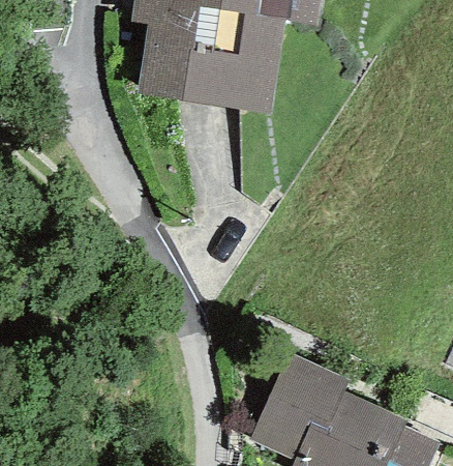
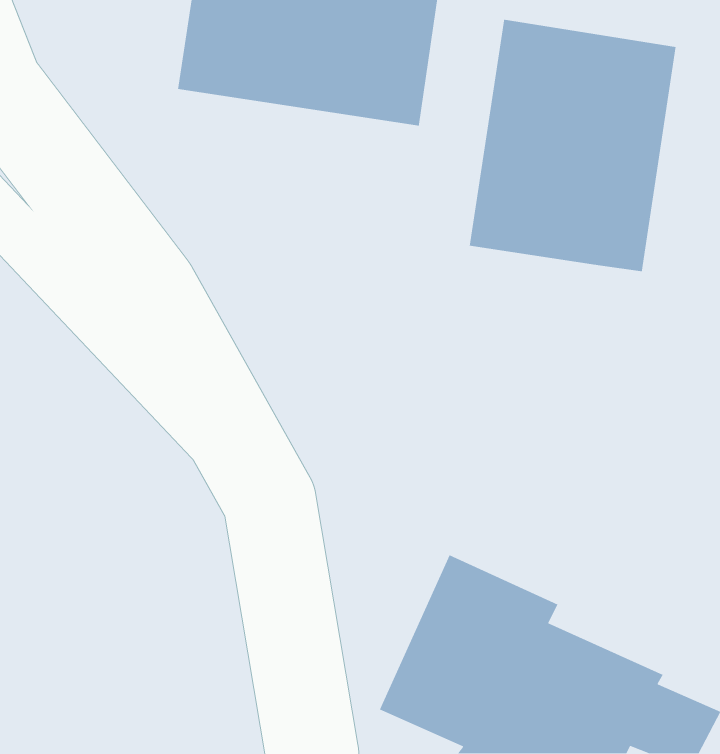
building: none -> [469,19,677,272]

